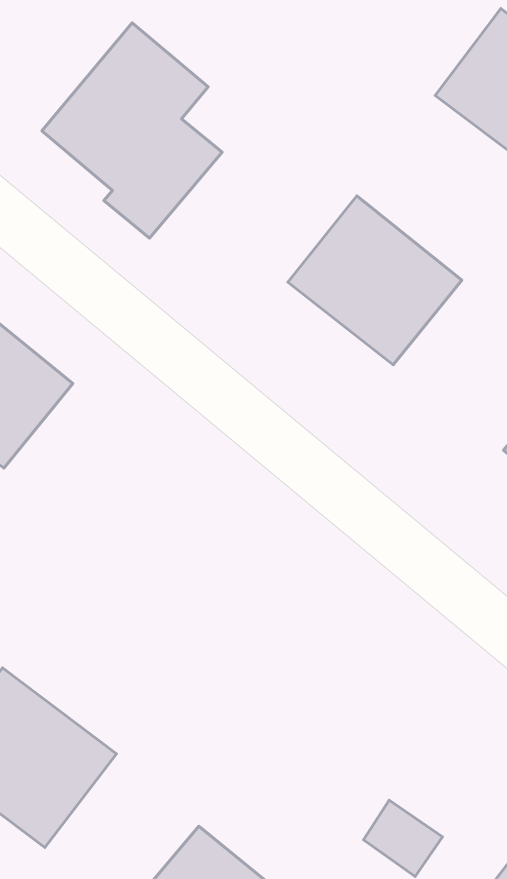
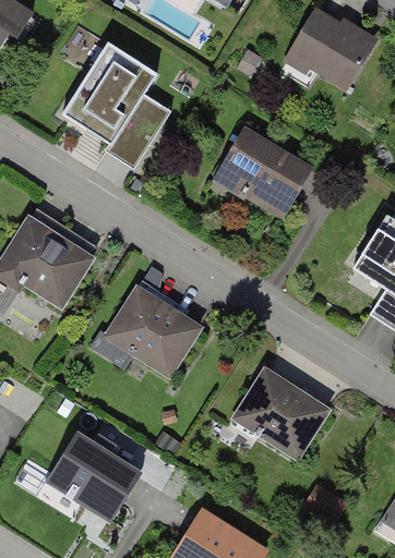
building: none -> [104,284,204,378]
building: none -> [230,366,333,462]

